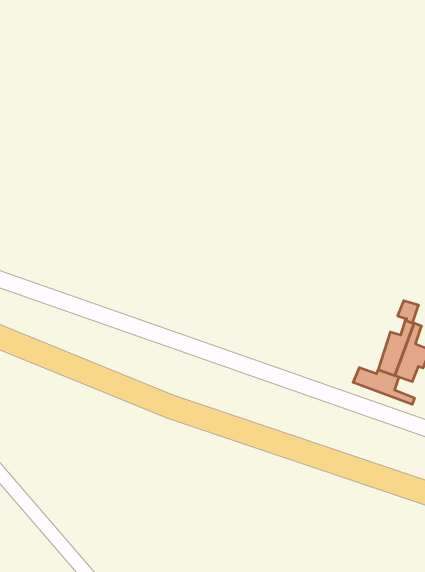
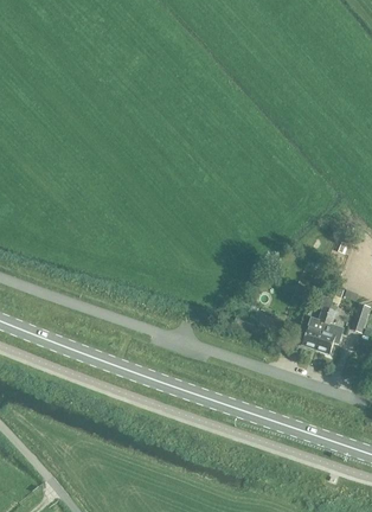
building: [353,368,414,404] -> none

